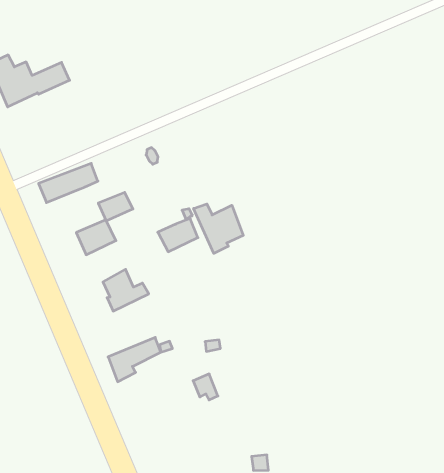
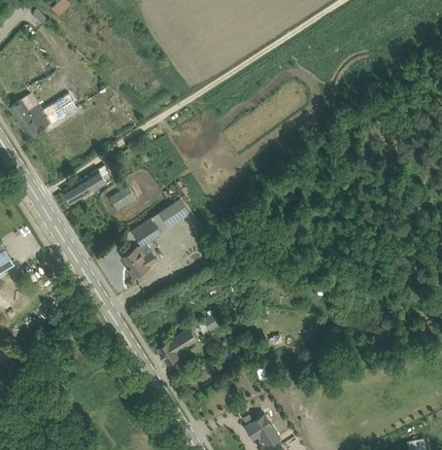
building: [194,204,243,253] -> none
building: [76,220,116,255] -> [131,218,162,247]
building: [108,337,161,382] -> [157,327,196,366]

